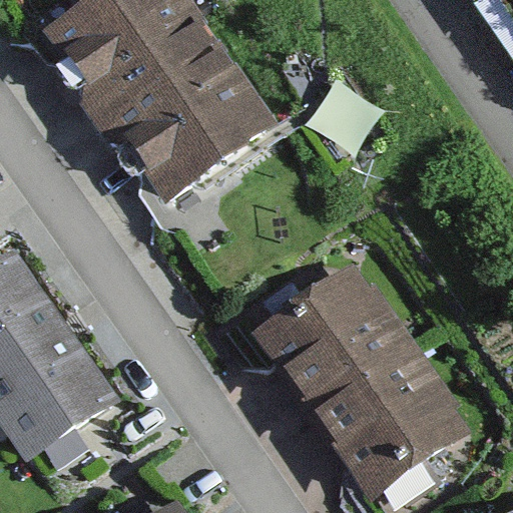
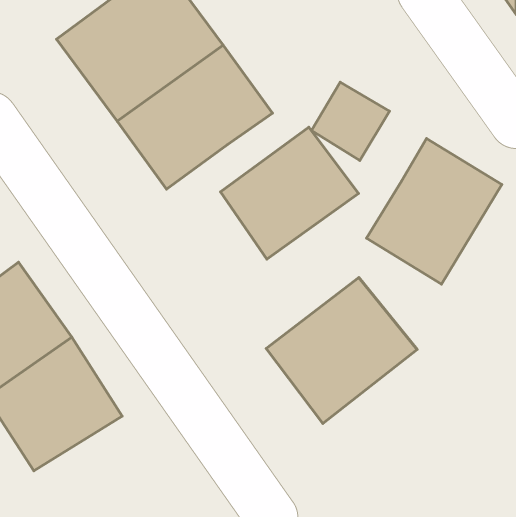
building: none -> [221,127,359,259]
building: none -> [366,139,502,284]
building: [315,341,472,496] -> none

